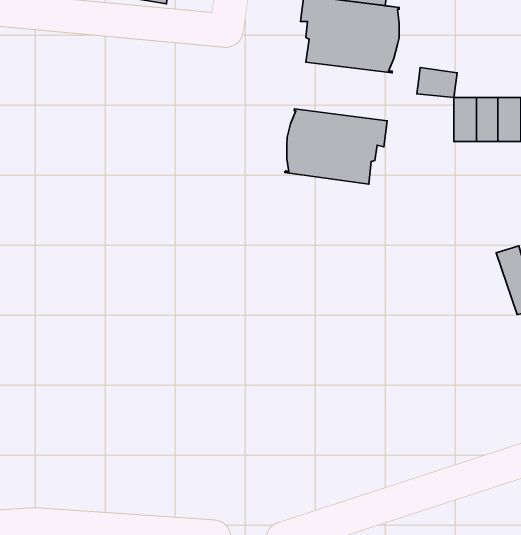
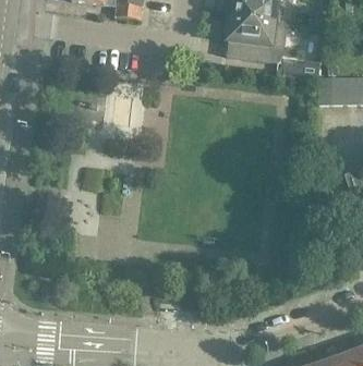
building: [285,109,387,184] -> none

